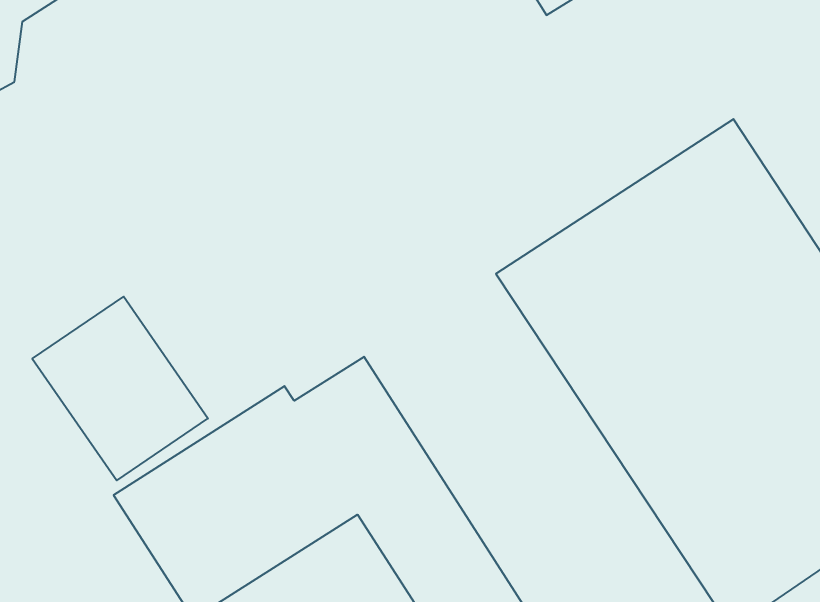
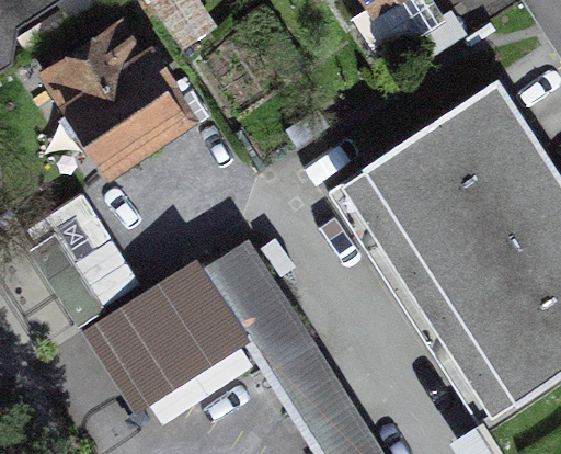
building: none -> [38,13,203,174]

